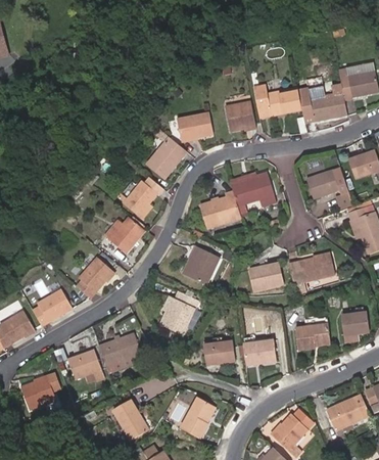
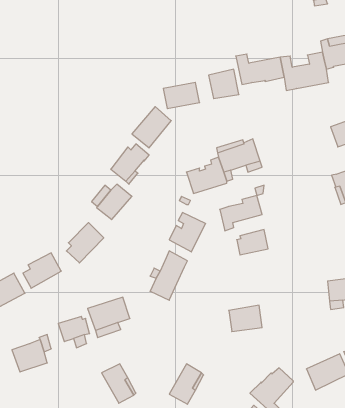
building: [304,169,347,200] -> none
building: [290,254,333,289] -> [220,195,262,231]
building: [296,326,331,351] -> none
building: [204,343,236,366] -> none

